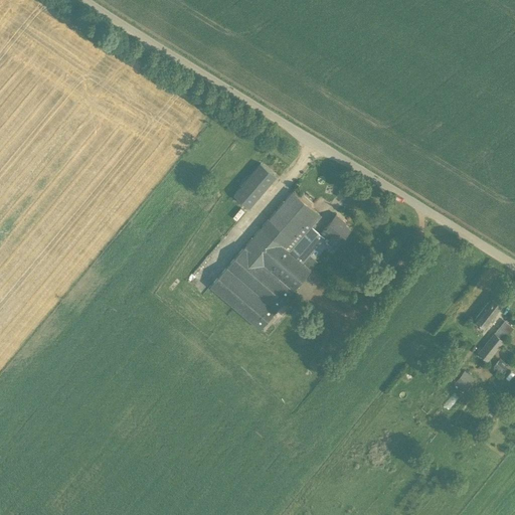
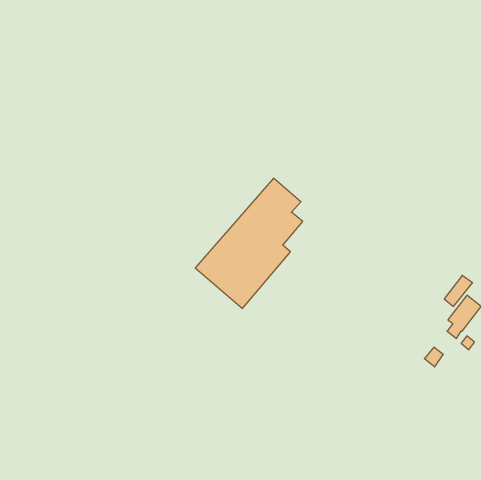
building: [232,164,276,209] -> none
building: [323,215,349,250] -> none

